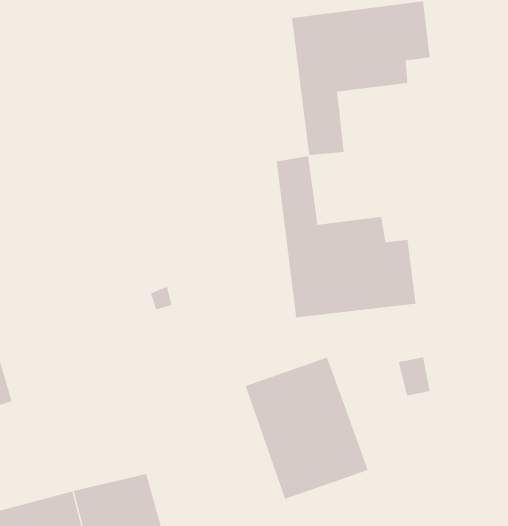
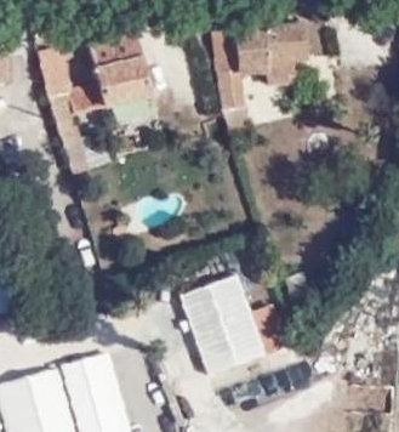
building: none -> [35,45,155,174]
building: [276,155,416,318] -> none

